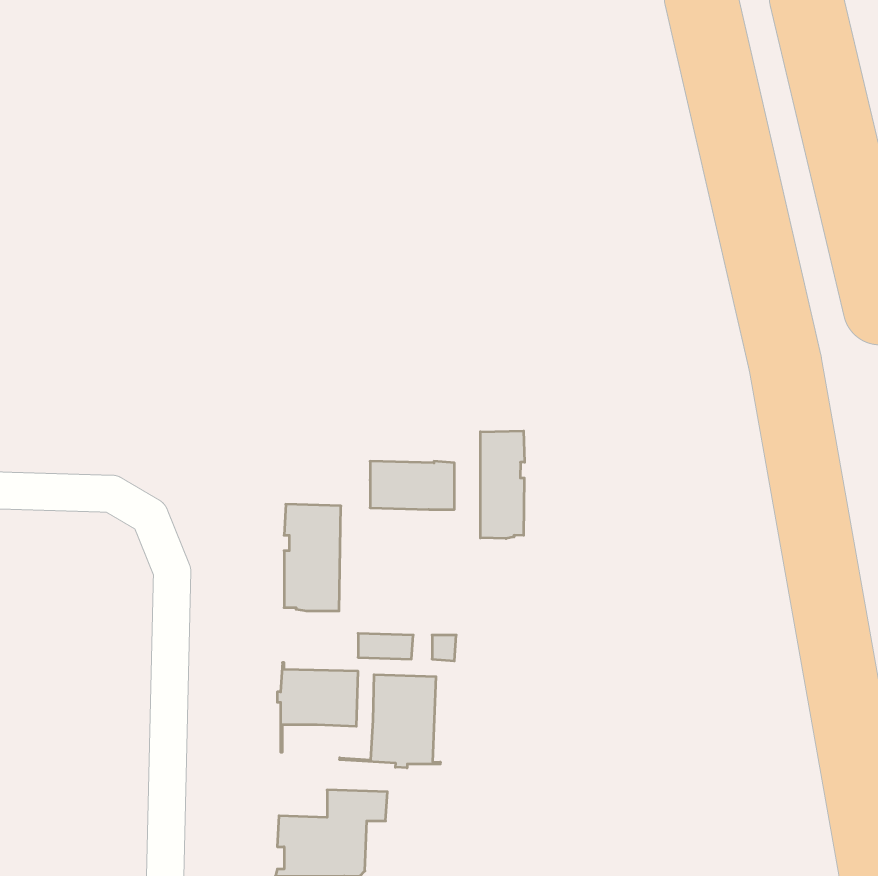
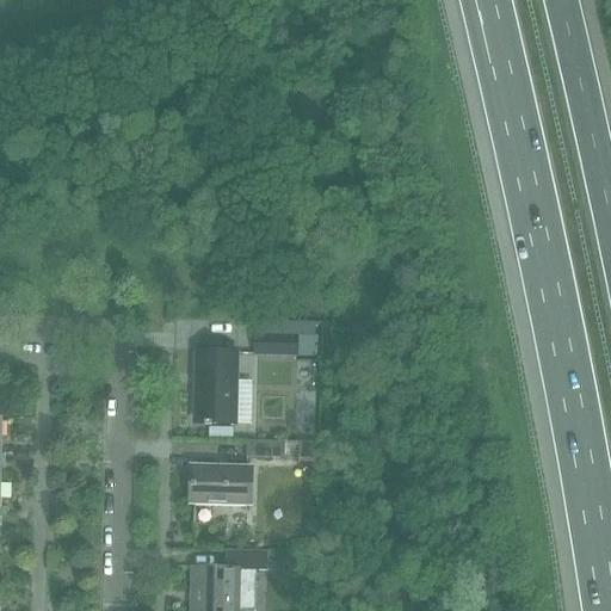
building: [480,431,525,539] -> none
building: [340,675,440,768] -> none

